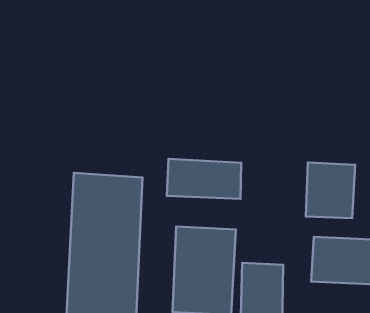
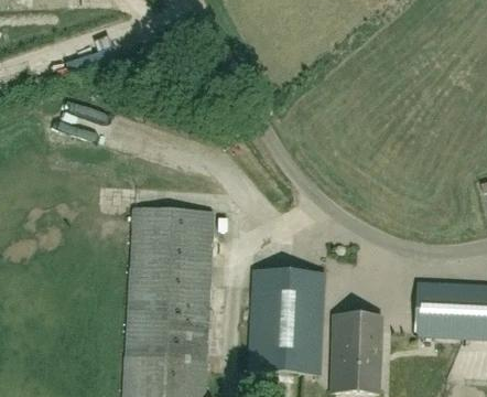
building: [167,159,241,199] -> none
building: [306,163,355,218] -> none

